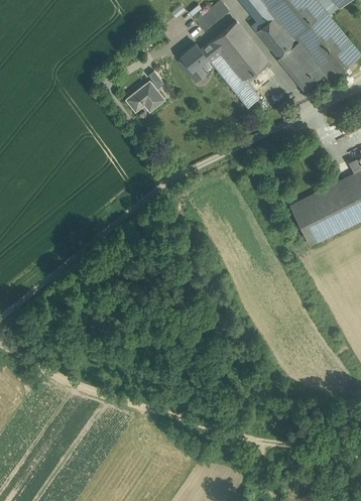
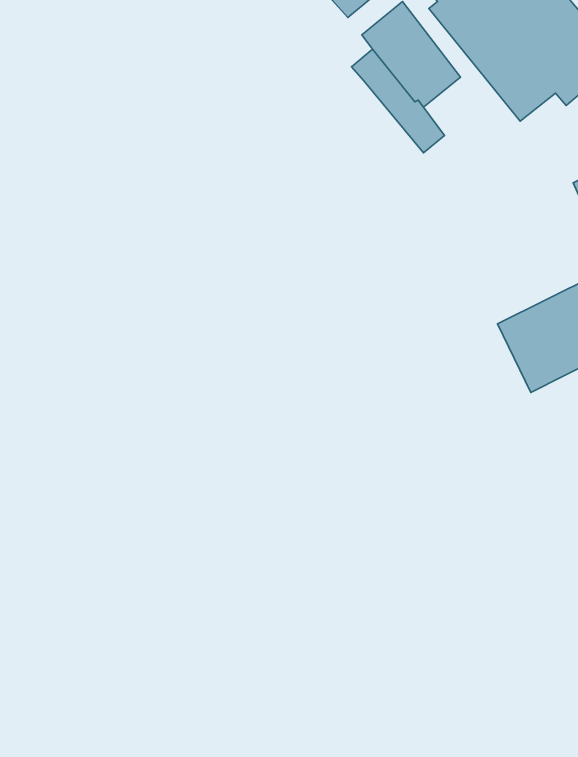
building: [181,40,219,81] -> none
building: [126,82,164,111] -> none

